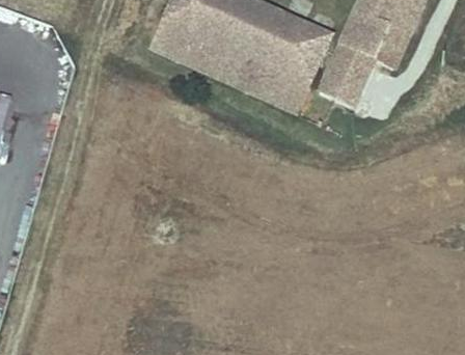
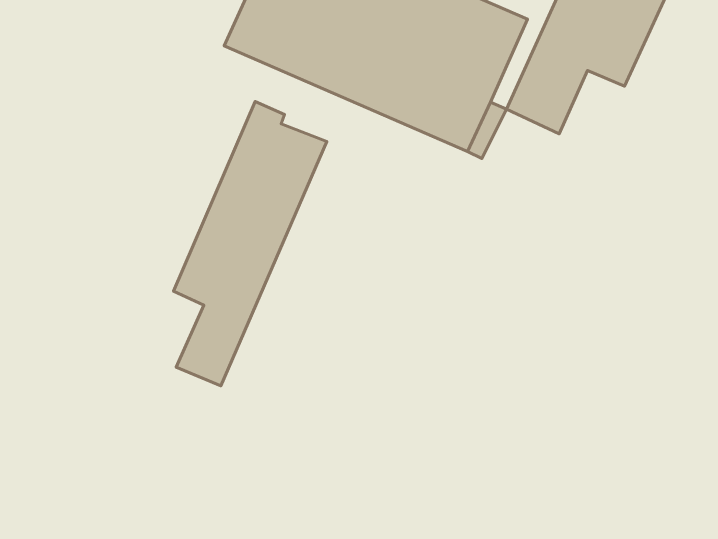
building: none -> [174,102,327,386]

